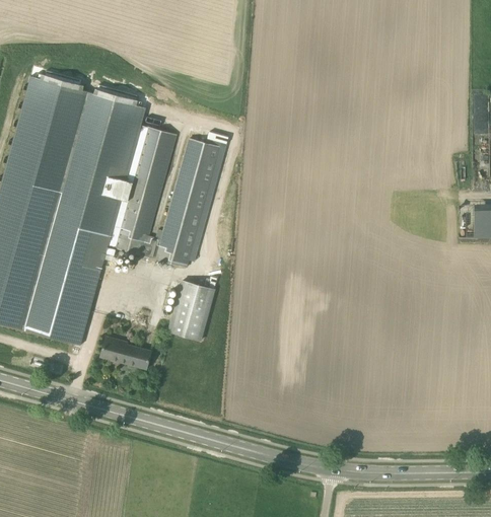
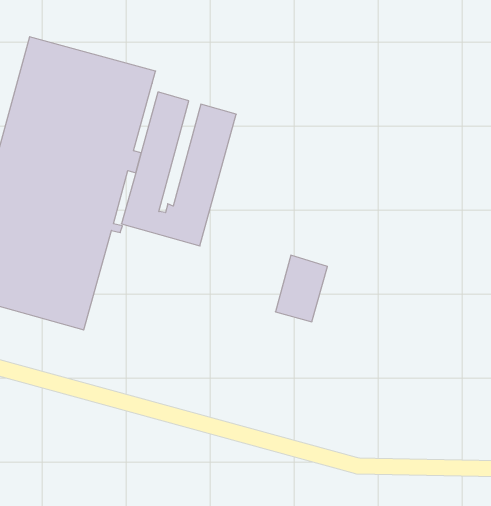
building: [168,280,216,341] -> [275,255,327,322]
building: [101,337,153,369] -> none

